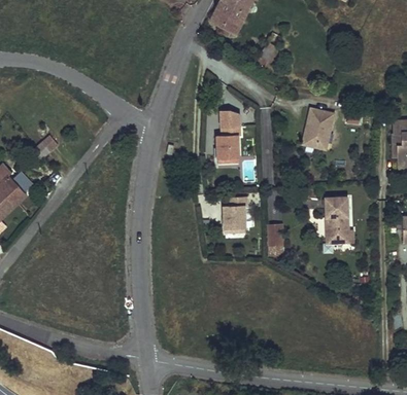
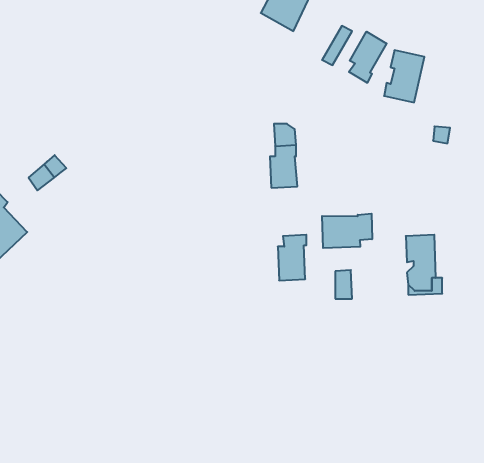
building: none -> [349,32,387,83]
building: [302,108,334,149] -> [384,50,424,102]
building: none -> [322,214,372,248]

